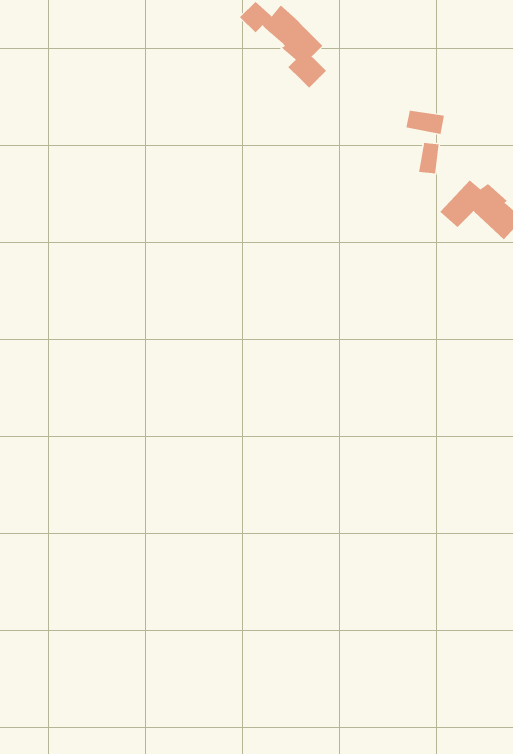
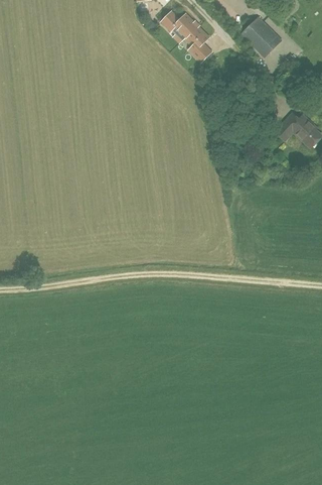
building: none -> [240,16,282,57]

